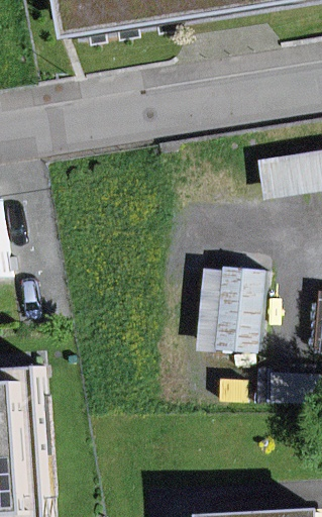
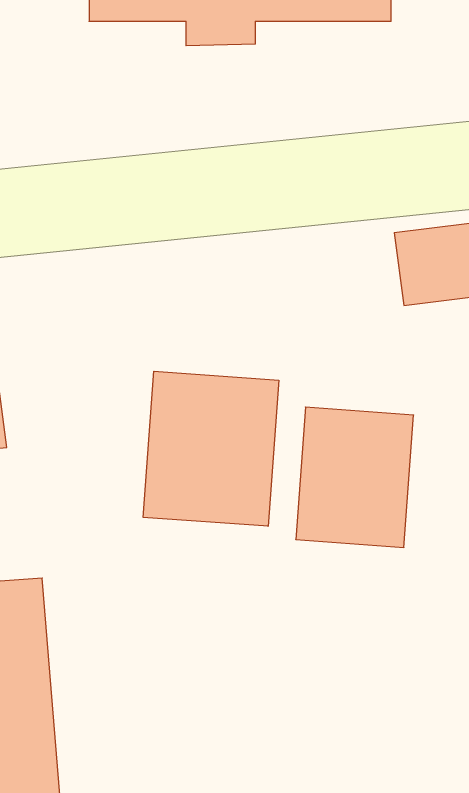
building: none -> [143,371,279,526]

